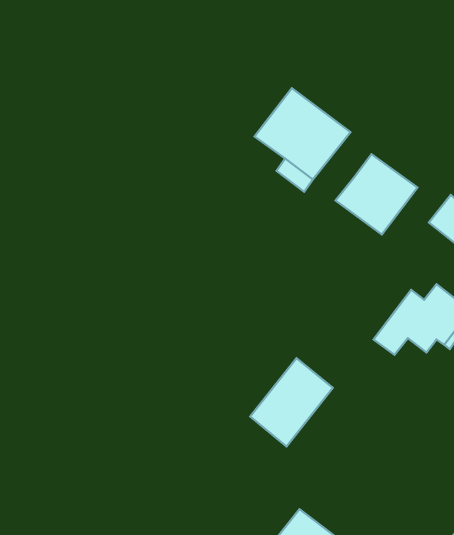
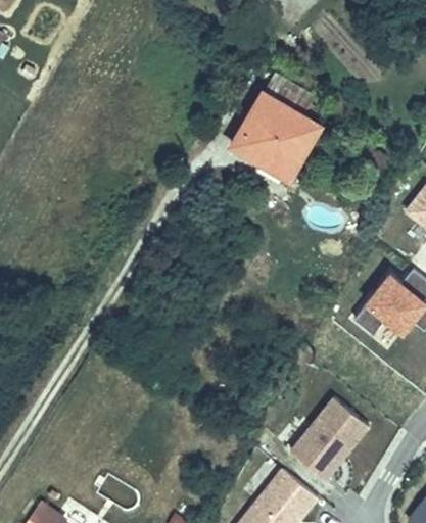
building: [336,154,417,235] -> none
building: [250,358,333,446] -> [288,405,365,486]

